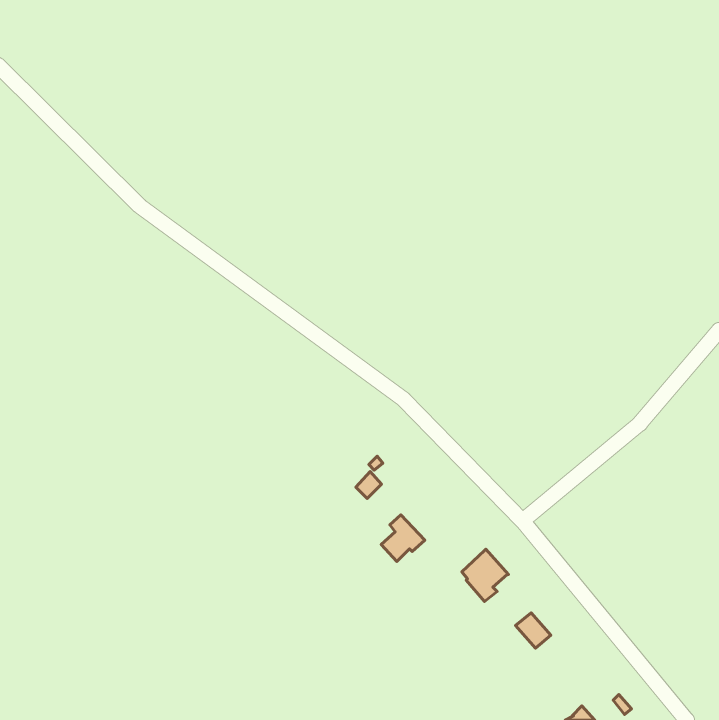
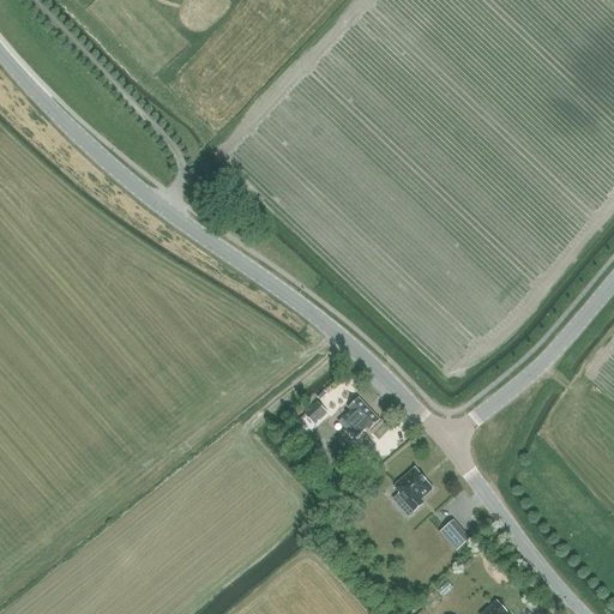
building: [381,515,425,561] -> [341,399,378,439]

